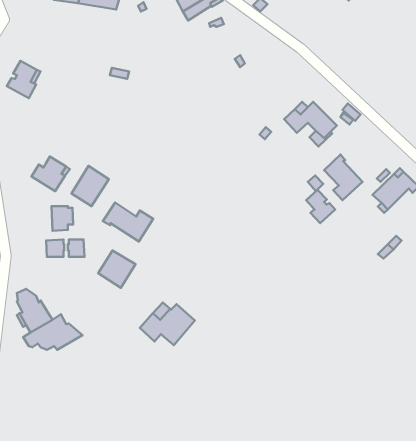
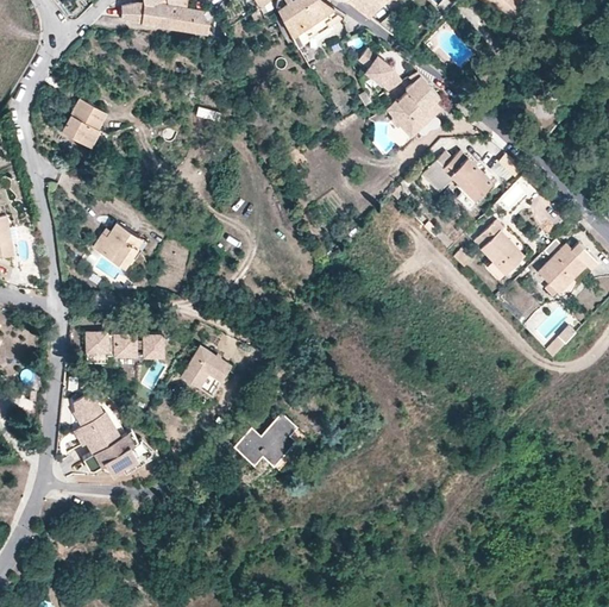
building: none -> [358,51,402,90]
building: none -> [385,73,439,138]
building: [71,166,109,206] -> none
building: [306,190,335,223] -> none
building: [103,203,153,241] -> none
building: [51,206,73,231] -> [84,331,113,363]

